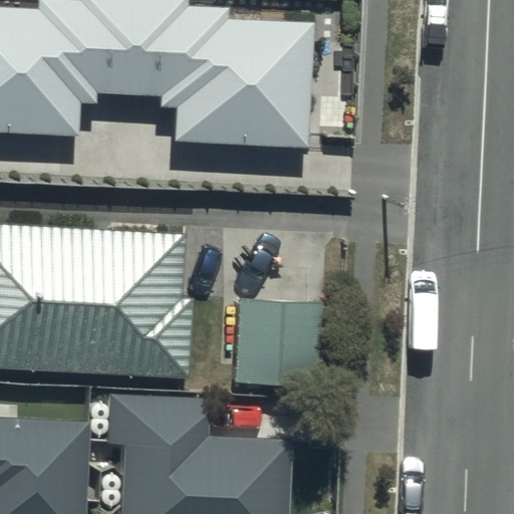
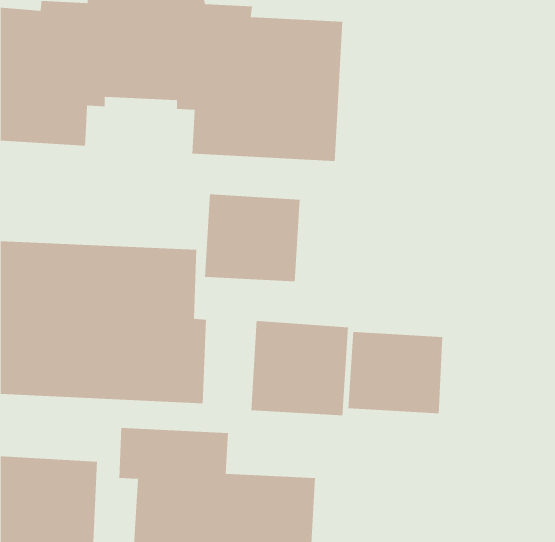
building: none -> [204,193,301,282]
building: none -> [348,331,443,414]

